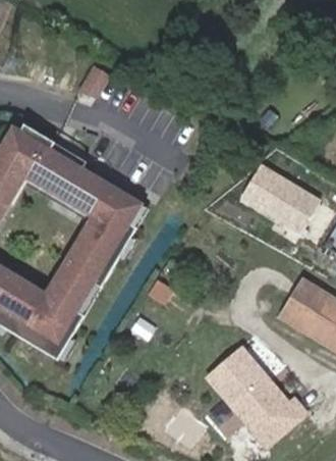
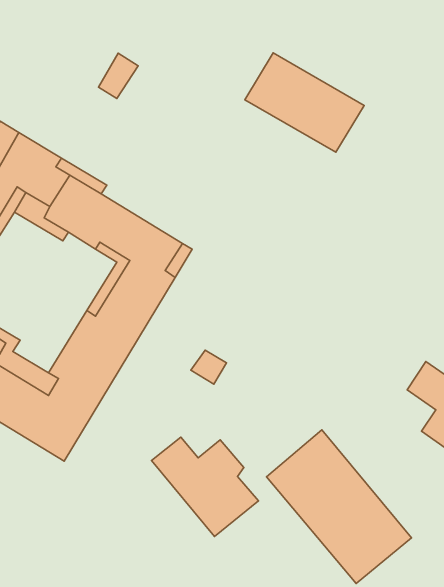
building: [235,162,321,234] -> [245,53,364,152]
building: none -> [152,437,259,537]

